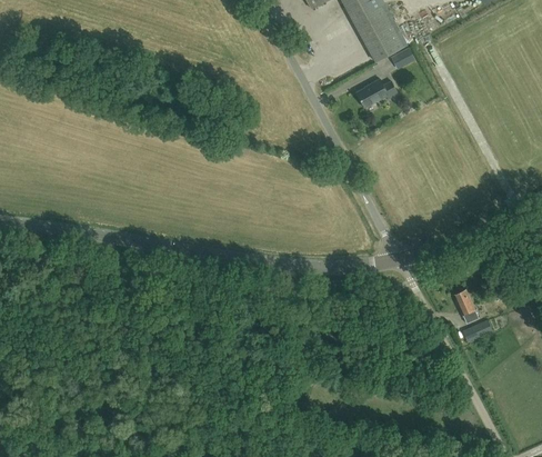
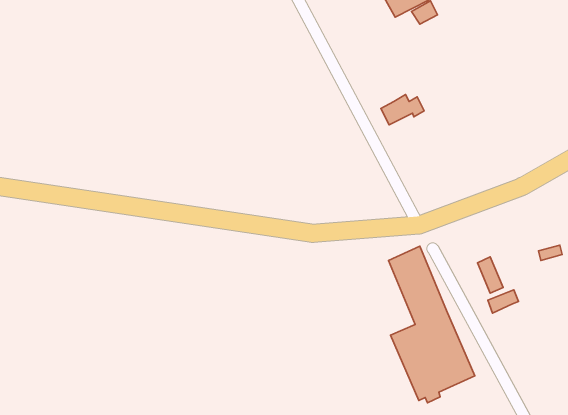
building: [357,78,398,107] -> [381,94,424,125]
building: none -> [388,246,475,403]

